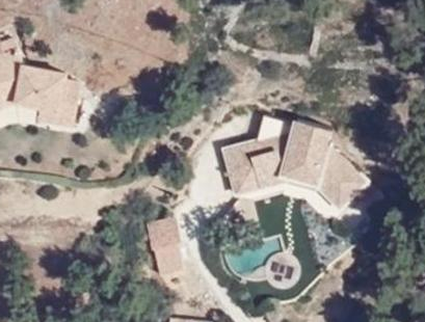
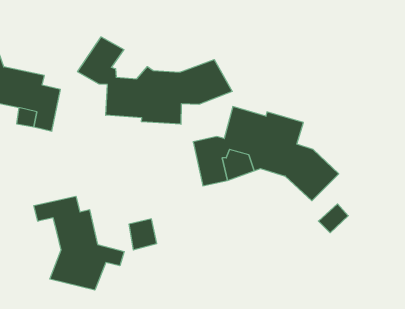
building: none -> [78,37,232,124]
building: none -> [34,196,124,290]

